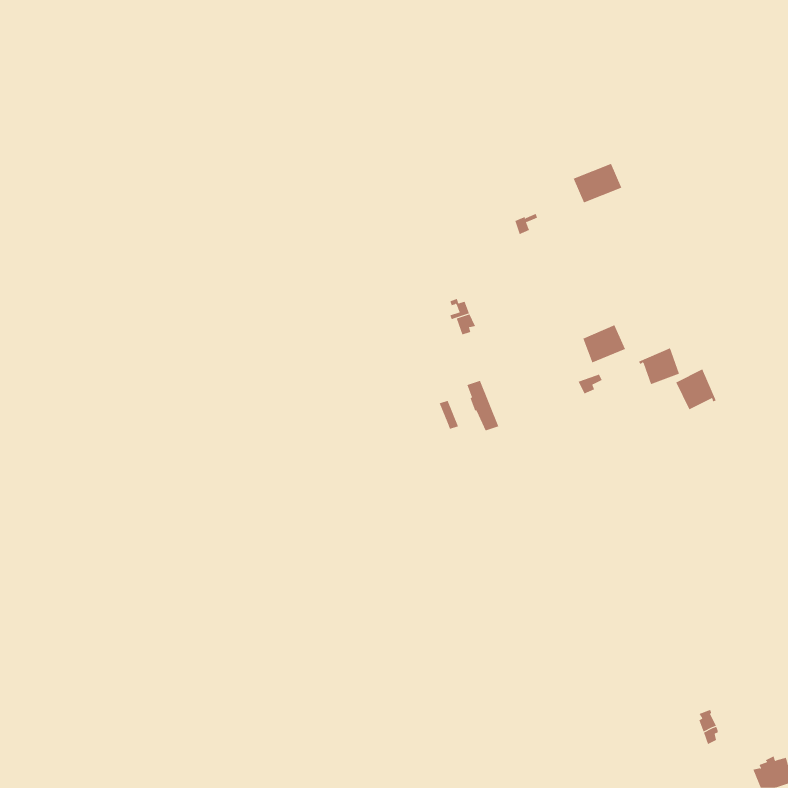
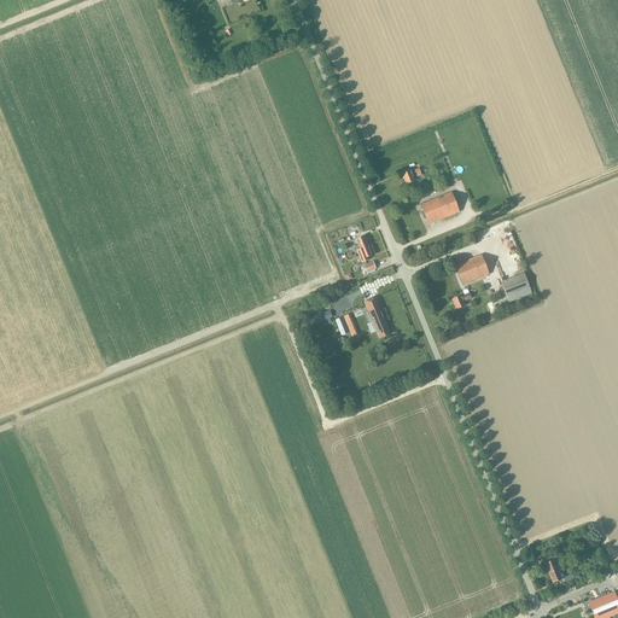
building: [573,163,622,203] -> [421,192,460,223]
building: [675,369,716,410] -> none

